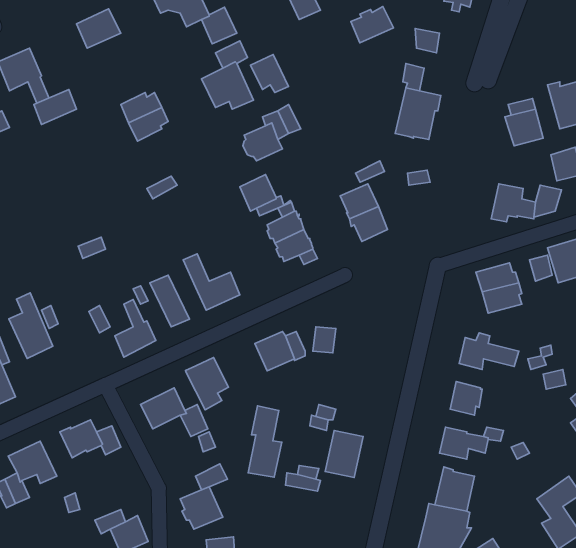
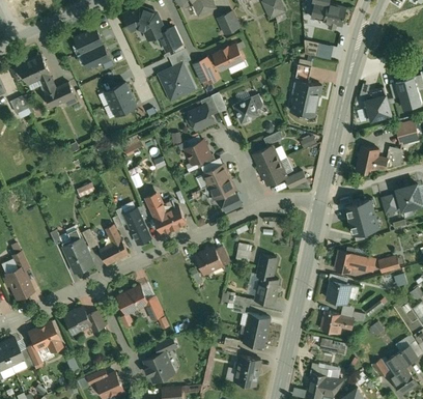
building: [351,6,393,43] -> [214,45,243,69]
building: none -> [81,44,111,69]
building: none -> [233,94,262,124]
building: [9,293,53,358] -> [62,228,92,273]
building: [186,357,229,410] -> none
building: [248,406,282,477] -> [255,255,278,304]
building: none -> [235,355,260,386]

